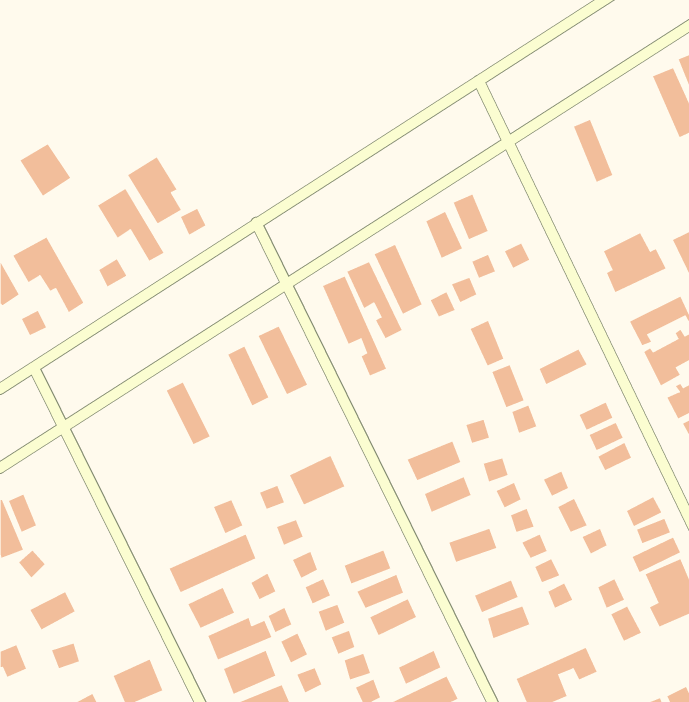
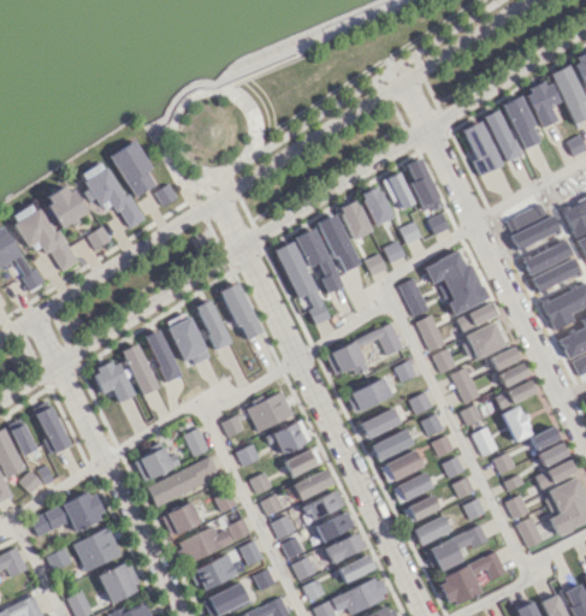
building: none -> [525,81,560,128]
building: none -> [502,96,541,149]
building: none -> [461,122,501,176]
building: [19,143,71,196] -> [43,184,87,229]
building: none -> [404,158,442,213]
building: none -> [339,200,371,239]
building: none -> [525,238,575,279]
building: none -> [424,249,487,314]
building: none -> [166,313,207,366]
building: none -> [464,321,504,360]
building: none -> [325,324,403,377]
building: none -> [122,344,158,395]
building: none -> [91,361,134,403]
building: none -> [450,367,479,403]
building: none -> [501,405,528,442]
building: none -> [35,407,69,455]
building: none -> [272,421,310,454]
building: none -> [371,431,412,461]
building: none -> [135,448,180,481]
building: none -> [284,448,321,476]
building: none -> [391,473,432,504]
building: none -> [61,491,106,531]
building: none -> [426,526,486,573]
building: none -> [72,527,122,571]
building: none -> [325,533,365,564]

